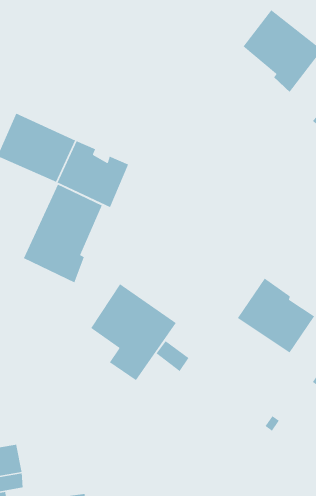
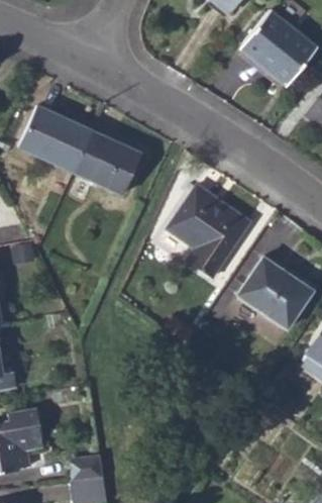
building: [23,183,103,283] -> none
building: [90,283,177,381] -> [169,186,248,276]

